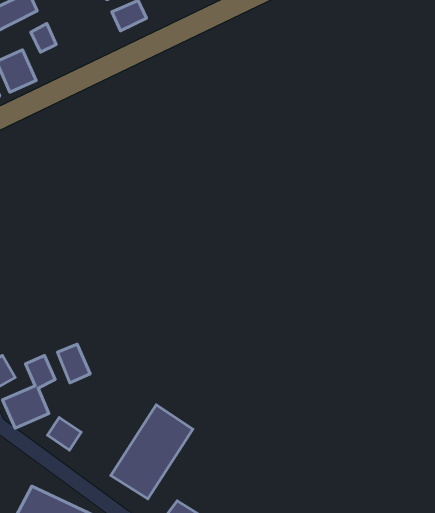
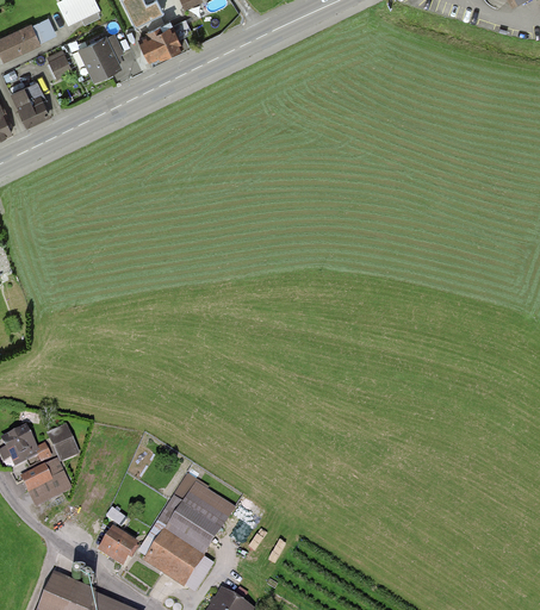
building: none -> [77,33,124,83]
building: [57,344,90,383] -> none
building: [47,417,81,450] -> [93,529,131,566]

